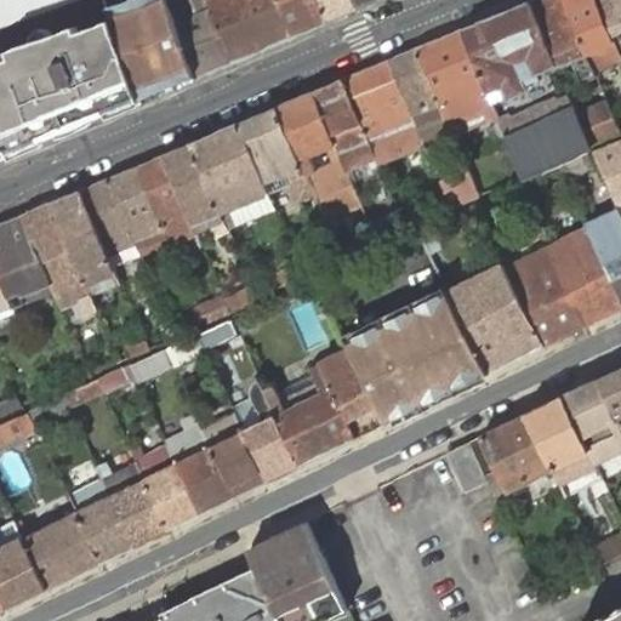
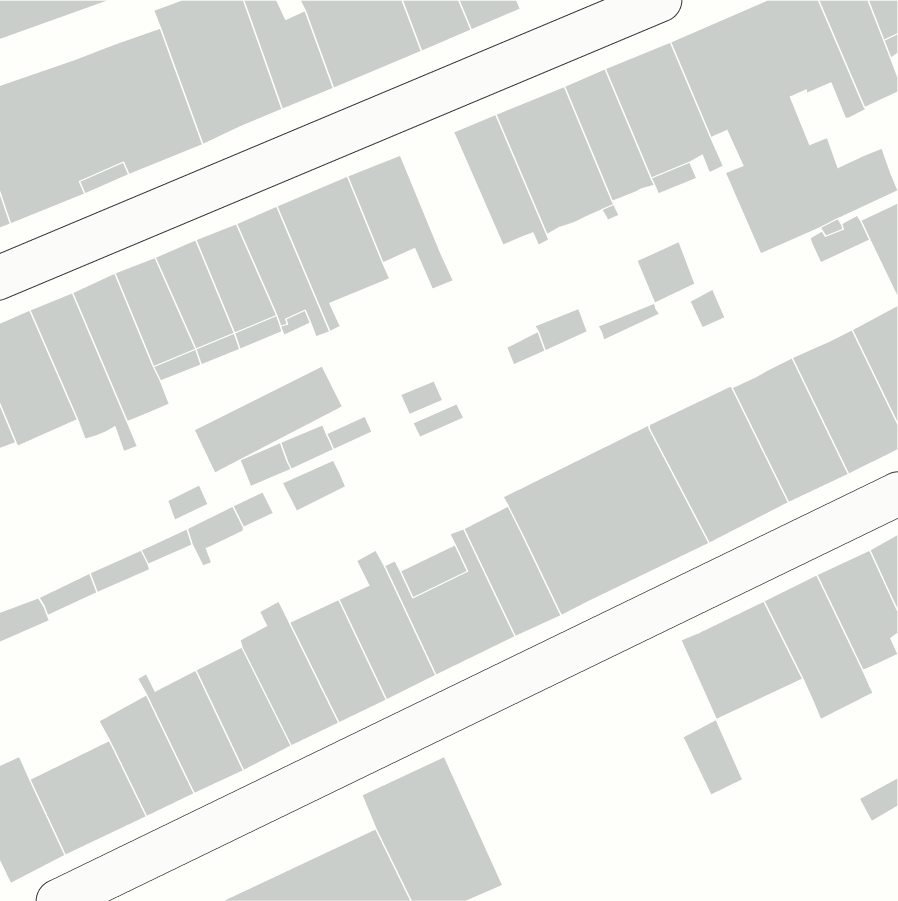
building: [275,91,359,213] -> none
building: none -> [194,366,343,473]
building: [445,440,486,492] -> [683,719,743,795]

